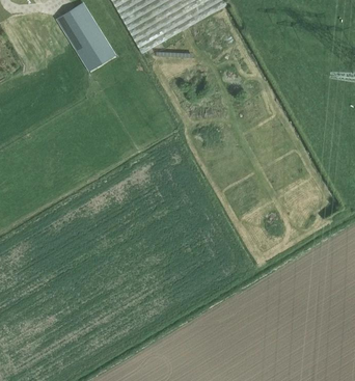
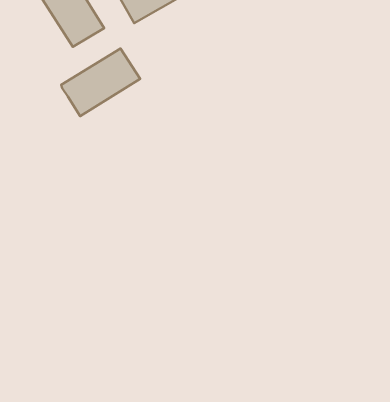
building: none -> [61,49,140,116]

